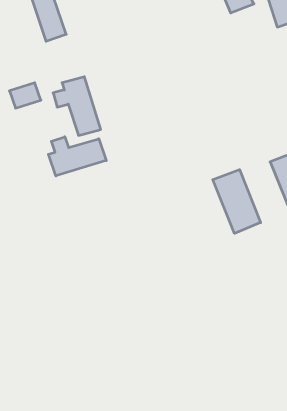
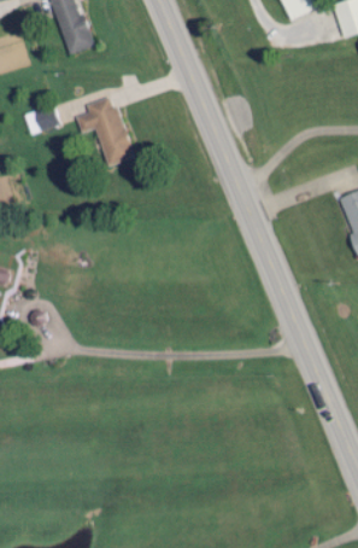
building: [48,137,106,176] -> none
building: [213,170,261,233] -> none

